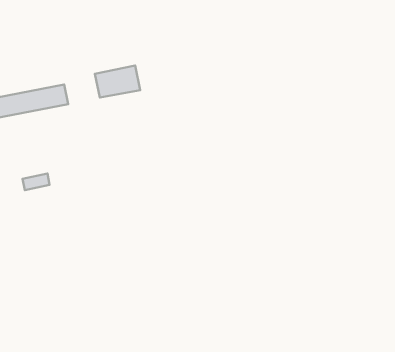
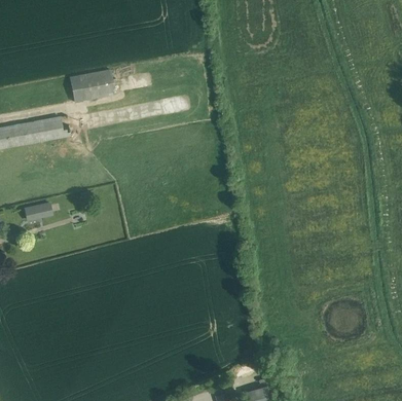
building: [95,65,140,98] -> [69,69,114,101]

